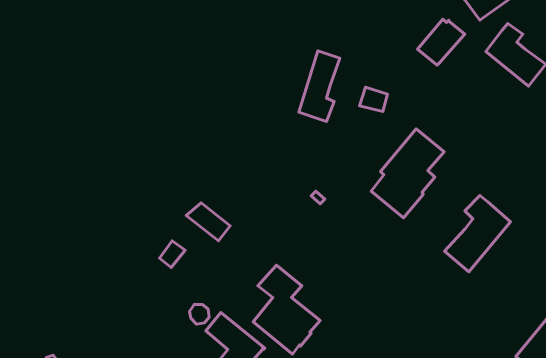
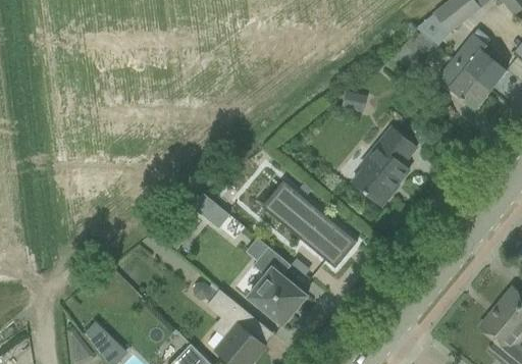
building: [299,51,340,121] -> none
building: none -> [438,58,491,109]
building: [444,195,511,272] -> none
building: none -> [271,186,358,267]

